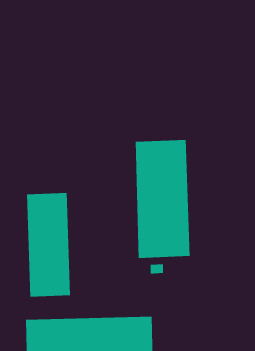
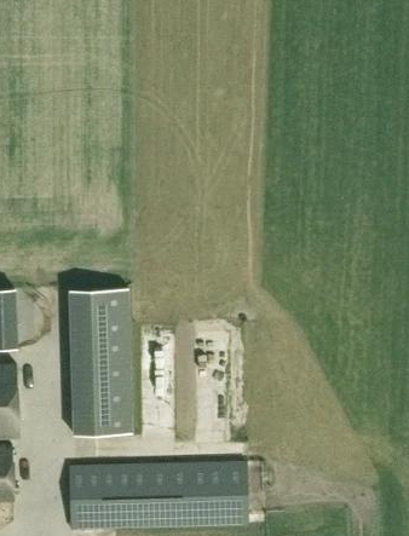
building: [135,139,190,259] -> none

